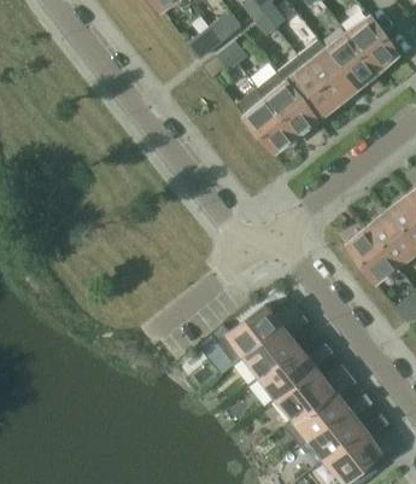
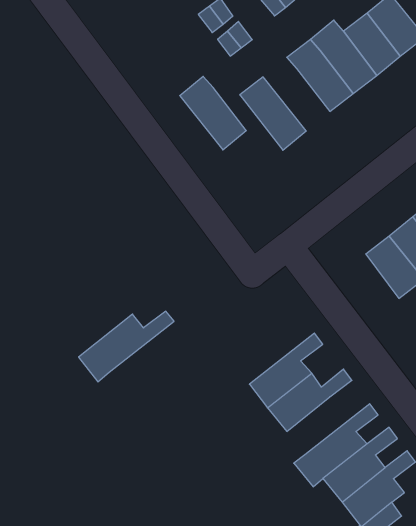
building: [258,72,316,136] -> [180,76,246,150]
building: [219,304,303,366] -> [79,311,174,382]
building: [279,365,351,419] -> none

